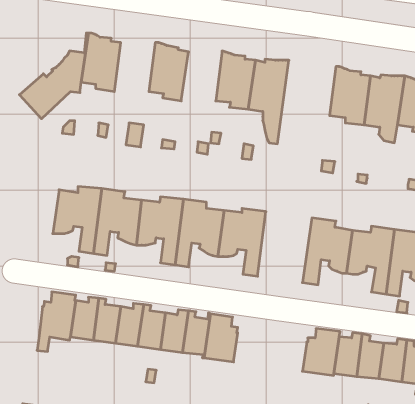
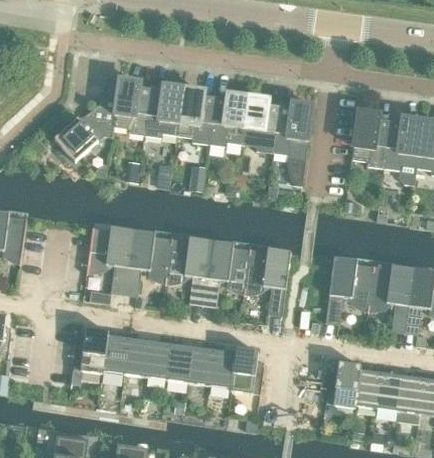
building: none -> [145,87,184,137]
building: none -> [209,95,248,146]

